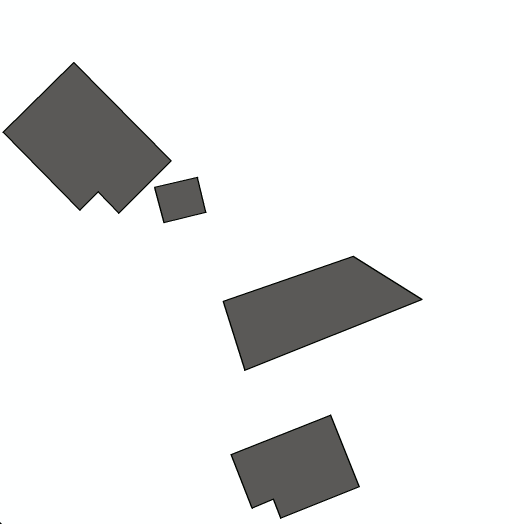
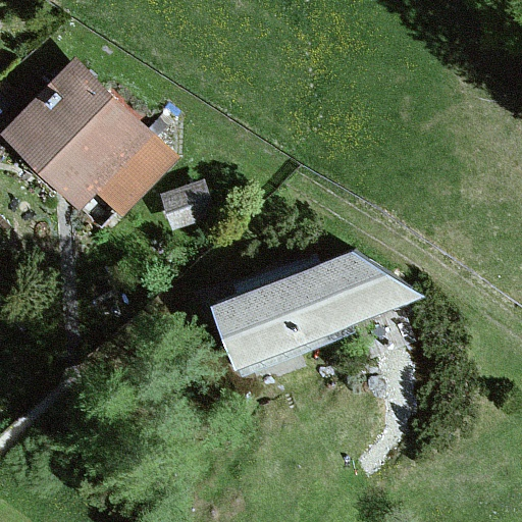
building: [231,415,359,518] -> none

